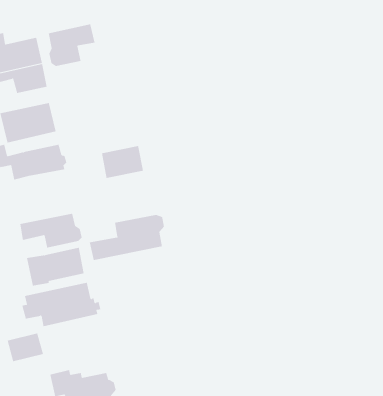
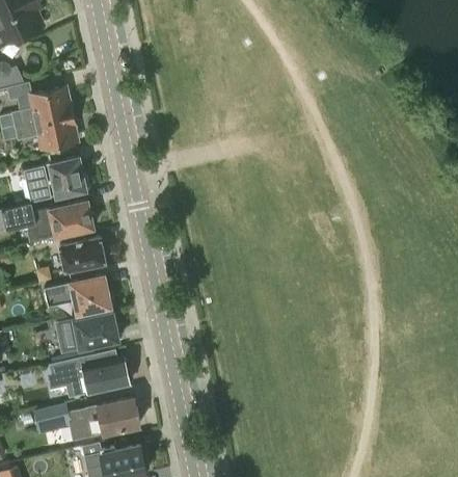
building: [48,23,95,67] -> none
building: [101,146,144,179] -> [59,238,105,273]
building: [89,214,164,261] -> none
building: none -> [83,398,139,434]

